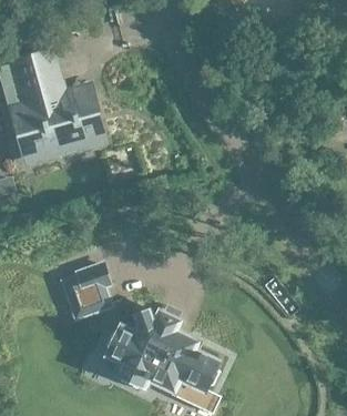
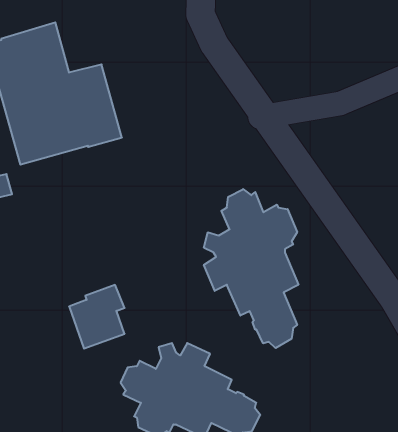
building: none -> [204,189,298,348]

